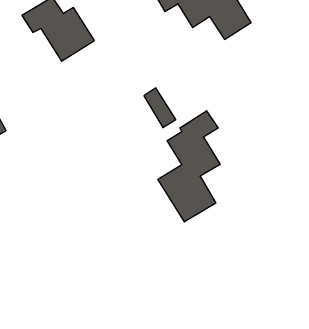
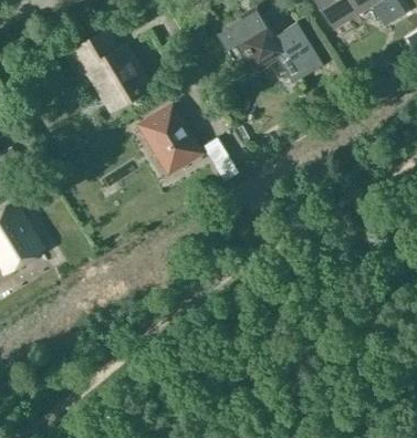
building: none -> [140,106,200,165]
building: [158,111,220,222] -> none

